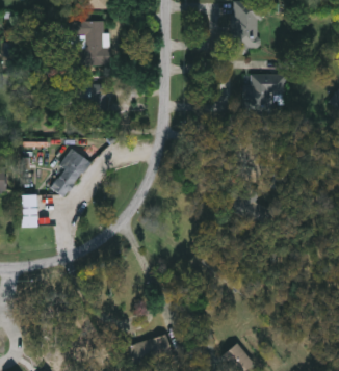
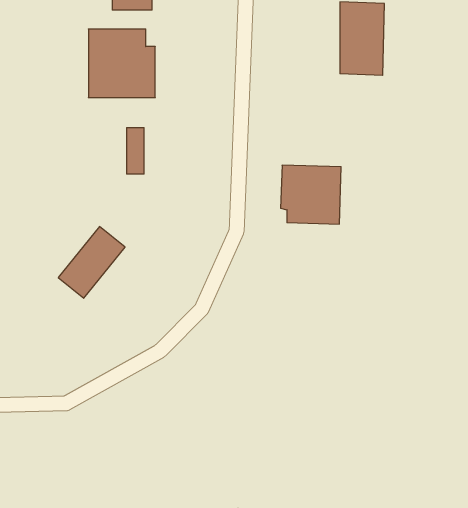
building: [246,74,286,112] -> [281,165,341,224]
building: [21,194,36,227] -> none

